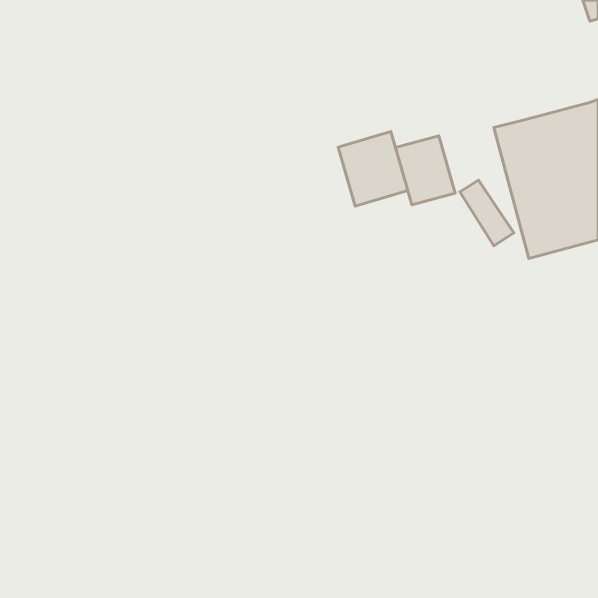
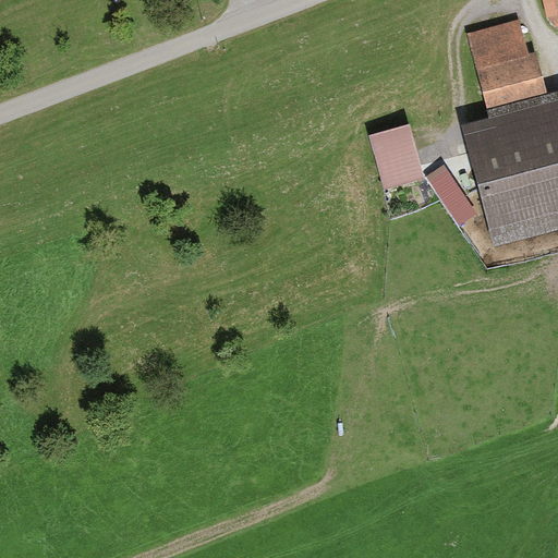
building: none -> [466,22,548,112]
building: [338,131,408,206] -> none

